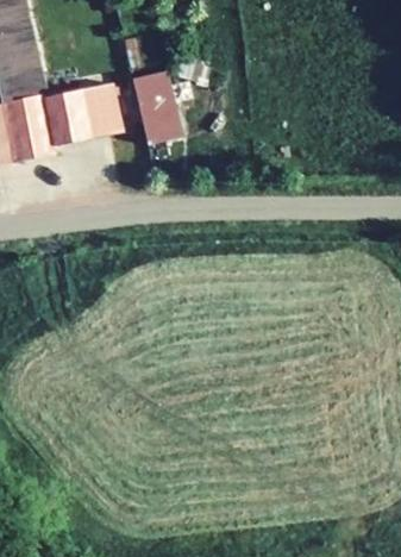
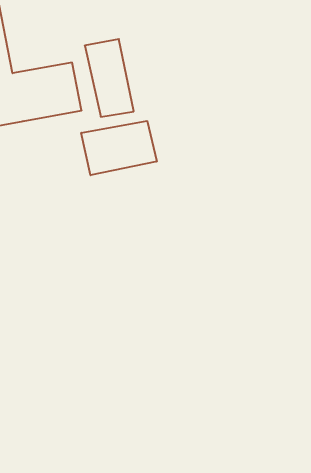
building: none -> [81,121,157,175]

